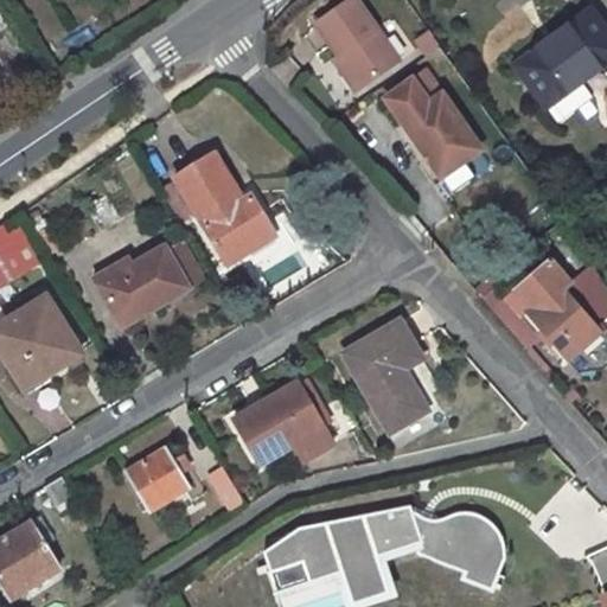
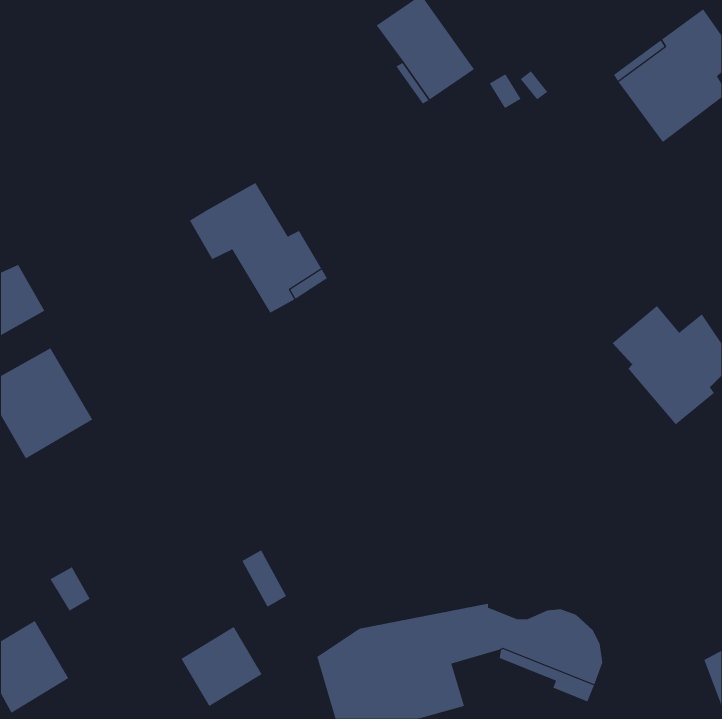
building: [384,77,480,174] -> none
building: [100,238,203,319] -> none
building: [344,321,427,432] -> none
building: [237,388,324,464] -> none
building: [123,447,192,515] -> [181,626,263,707]

